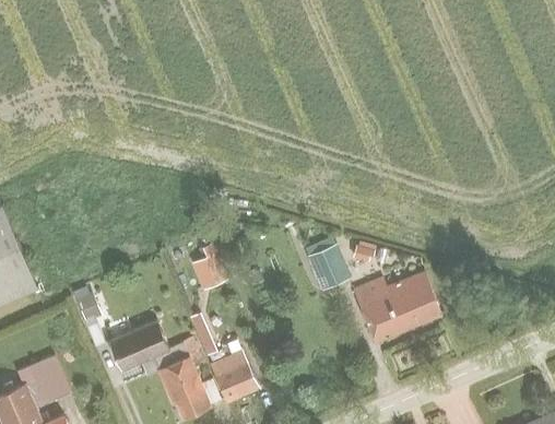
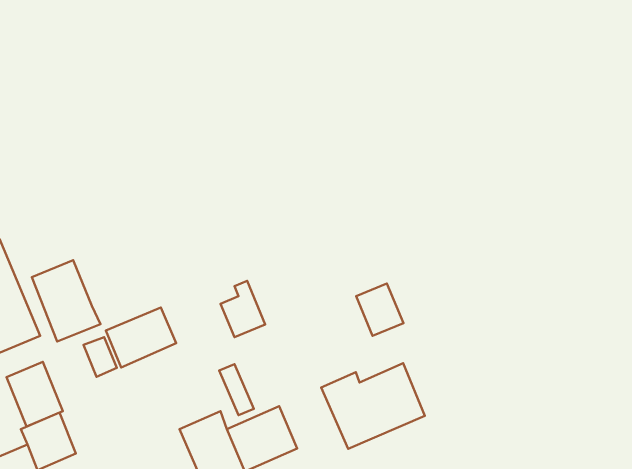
building: none -> [32,260,101,341]
building: [352,271,440,344] -> [321,363,425,449]
building: none -> [6,362,63,427]
building: [107,318,167,369] -> [106,308,176,368]

